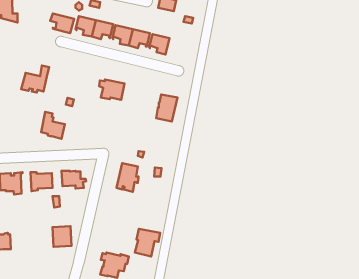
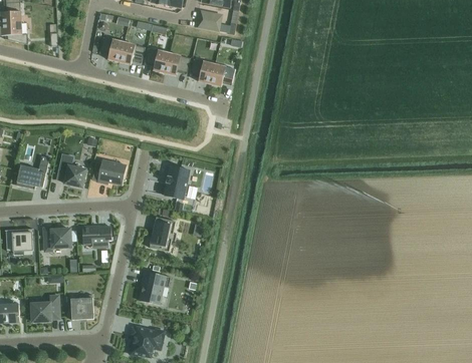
building: [50,14,74,33] -> none
building: none -> [209,63,235,86]
building: [21,65,49,92] -> [15,155,49,189]
building: [99,80,124,100] -> [94,159,126,185]
building: [156,94,177,121] -> [164,165,190,199]
building: none -> [31,295,59,321]
building: [135,229,160,257] -> [139,271,170,305]

